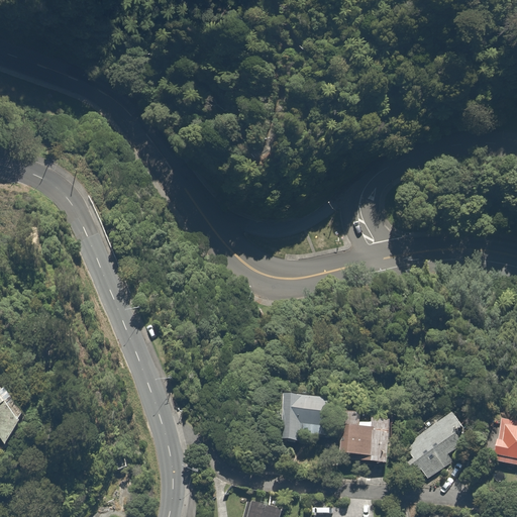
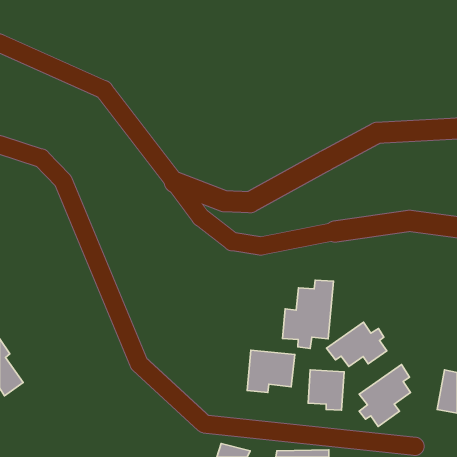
building: none -> [282,280,333,348]
building: none -> [327,322,387,366]

